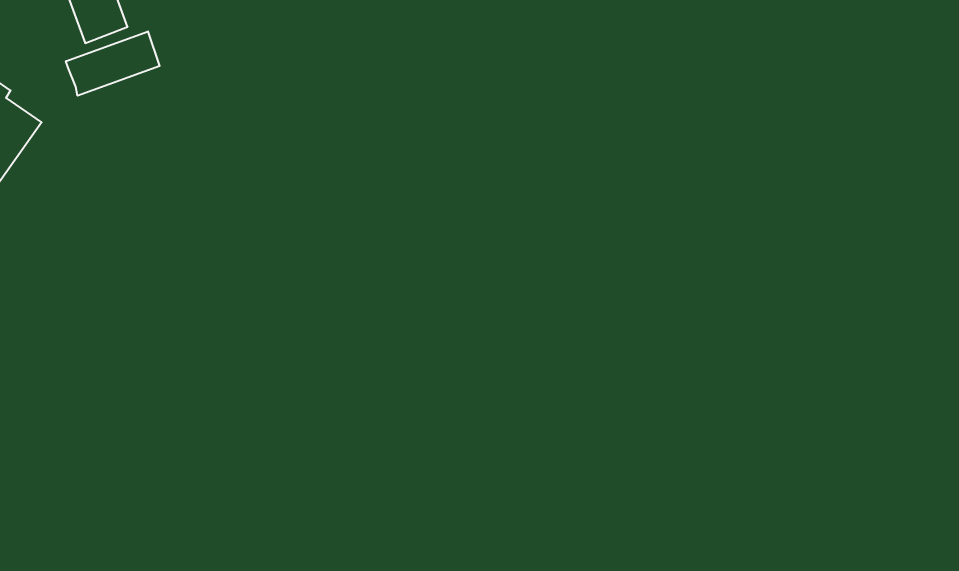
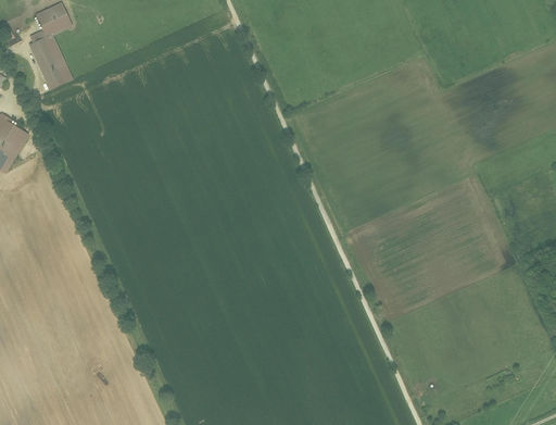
building: [66,31,160,96] -> none

